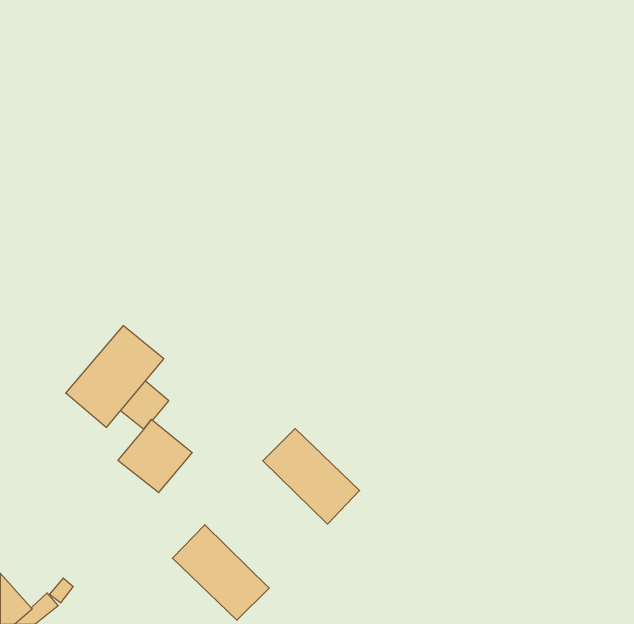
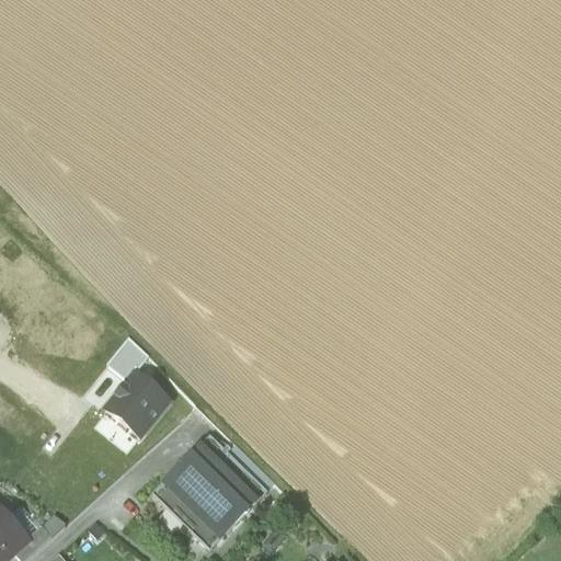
building: [66,326,164,427] -> none
building: [263,429,360,524] -> [181,435,266,519]

